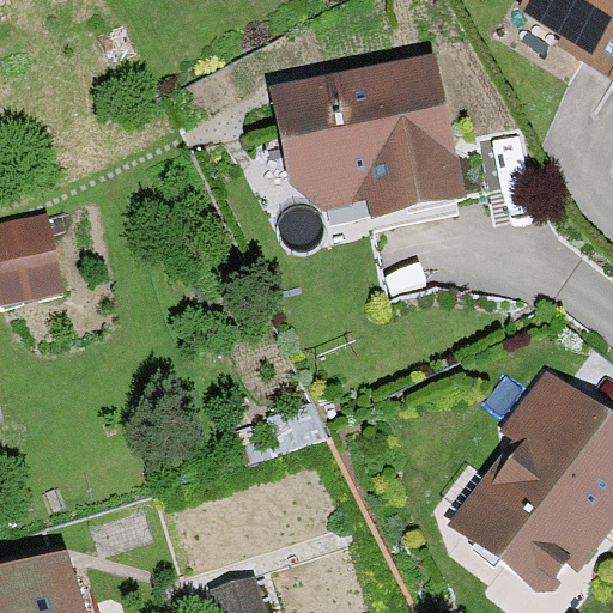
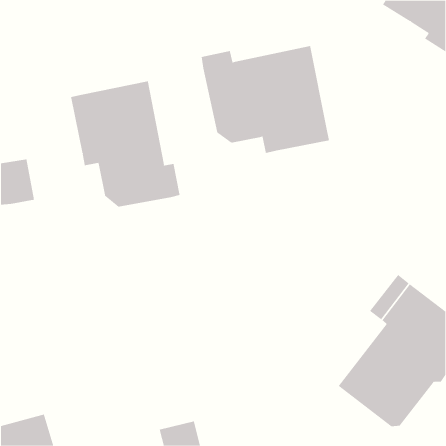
building: none -> [70,81,180,208]

